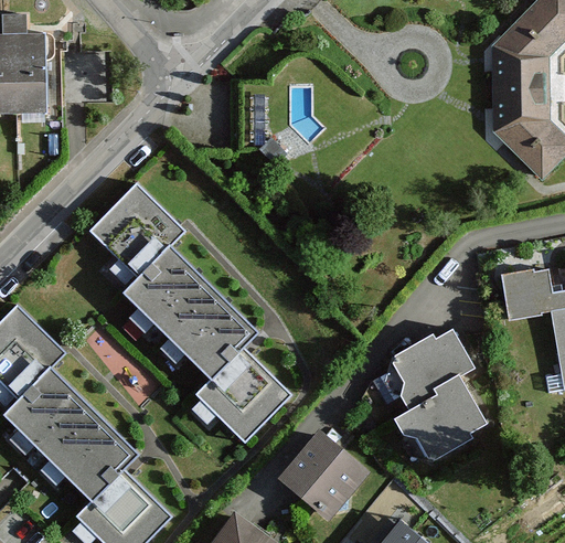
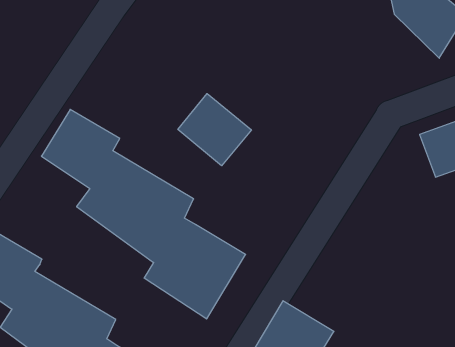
building: none -> [178,94,251,166]
building: [387,323,487,462] -> none

